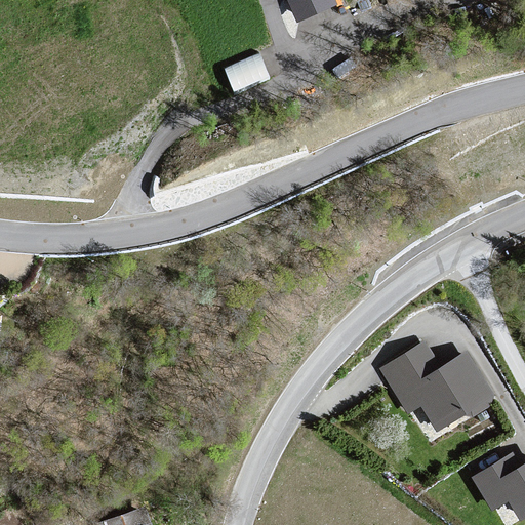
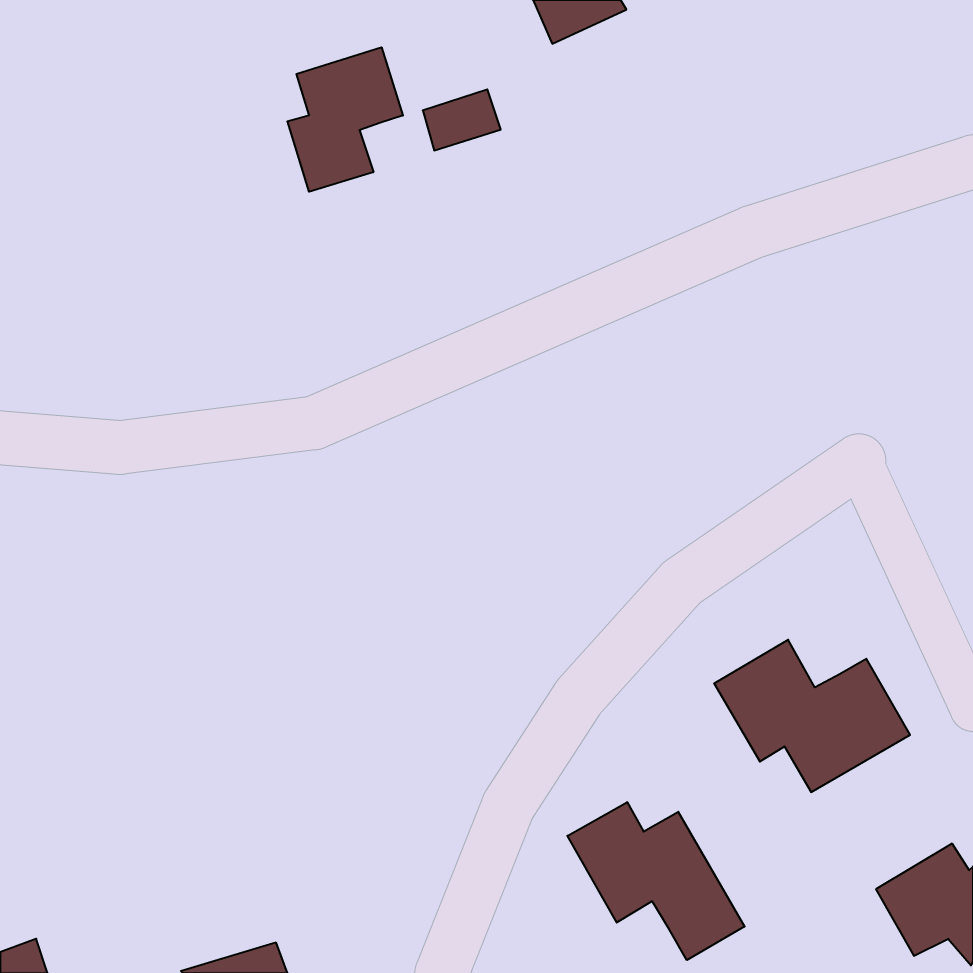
building: none -> [287,47,403,192]
building: none -> [567,802,745,960]

